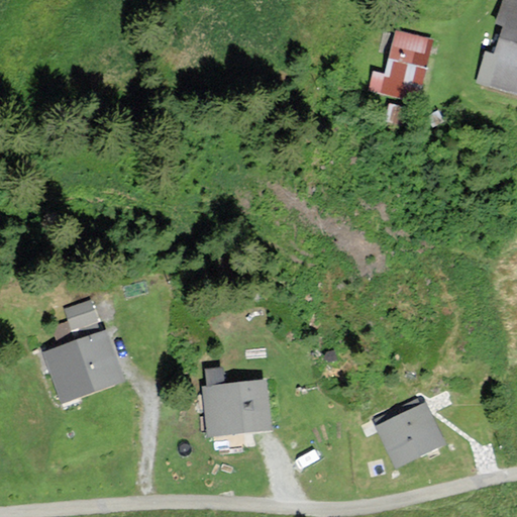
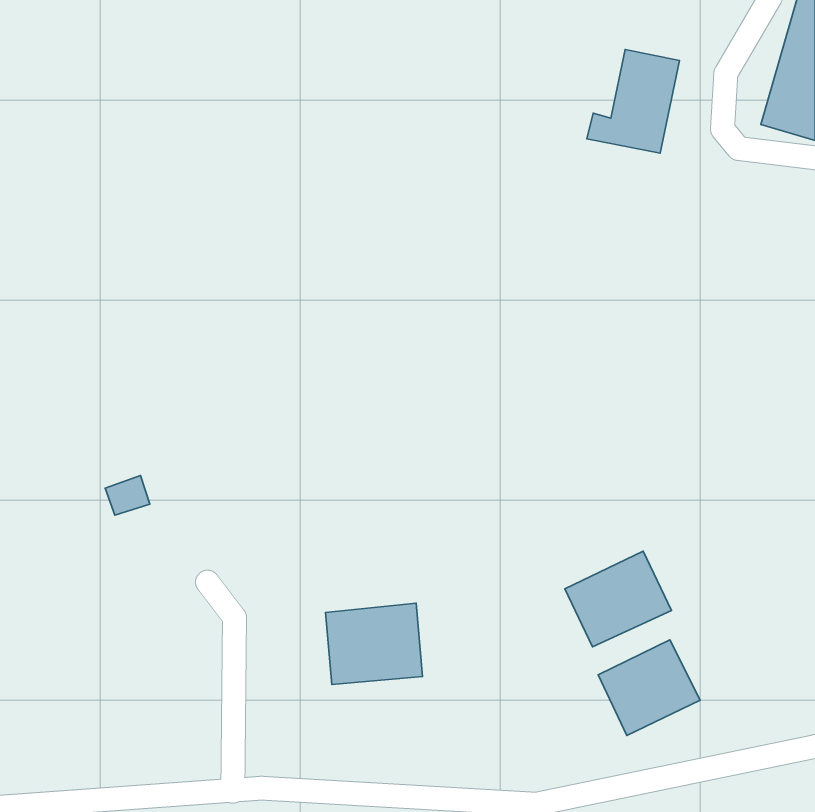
building: [46,332,121,400] -> none
building: none -> [565,551,672,647]

